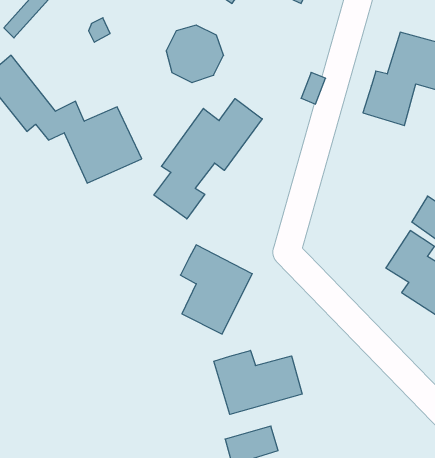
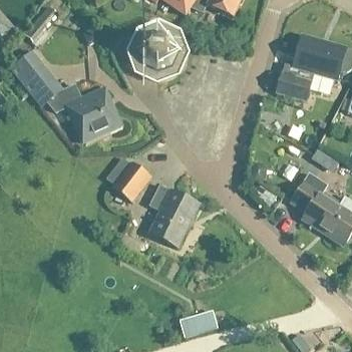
building: [154,99,262,219] -> none
building: none -> [112,160,150,201]
building: [214,350,302,414] -> none

